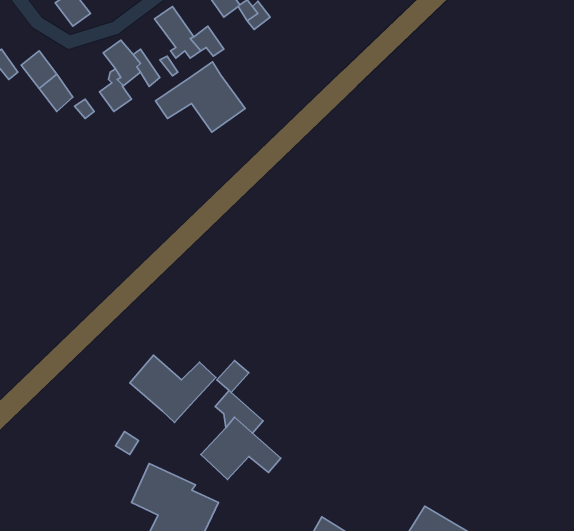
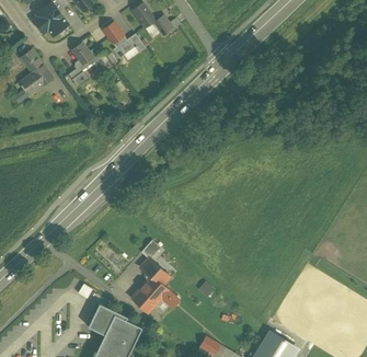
building: [155,62,245,132] -> none
building: [130,355,216,423] -> none

